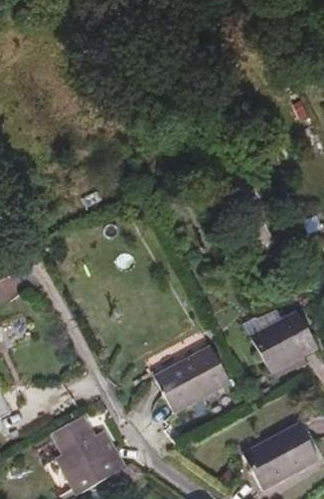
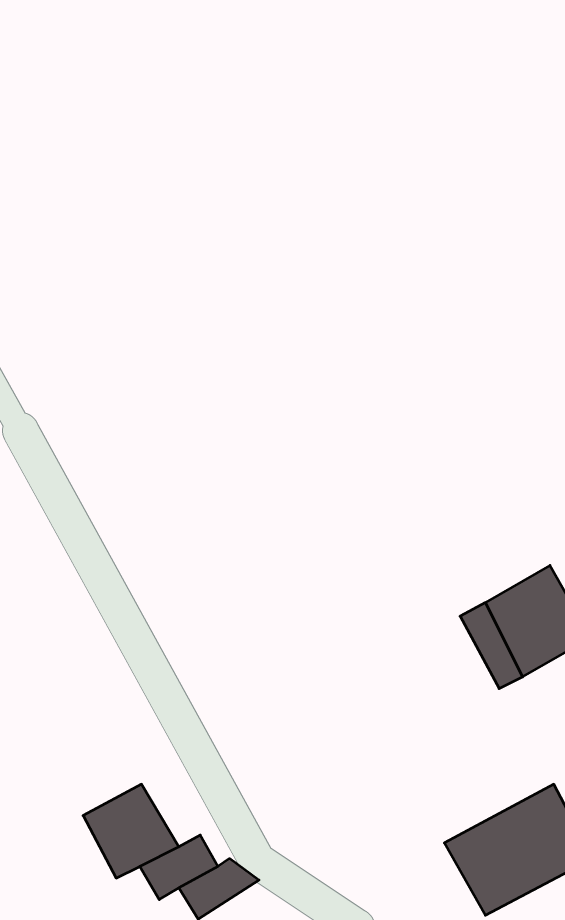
building: [155,345,230,412] -> none

